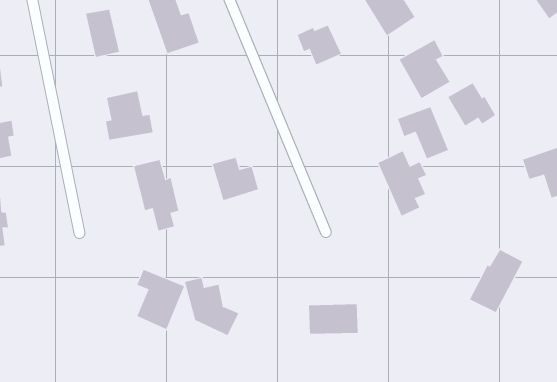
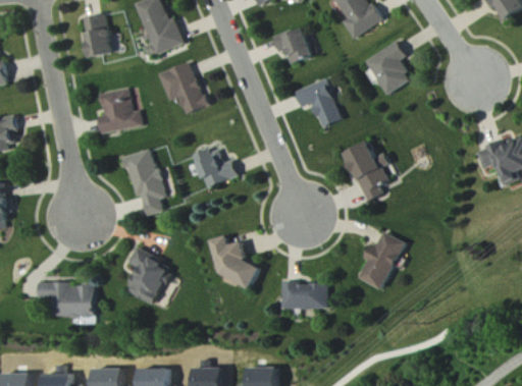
building: none -> [158,61,207,115]
building: [448,83,496,127] -> none
building: [397,107,449,159] -> [295,79,342,127]
building: [469,249,523,313] -> [358,231,407,289]
building: [184,277,239,336] -> [211,235,261,288]
building: none -> [38,282,93,317]

